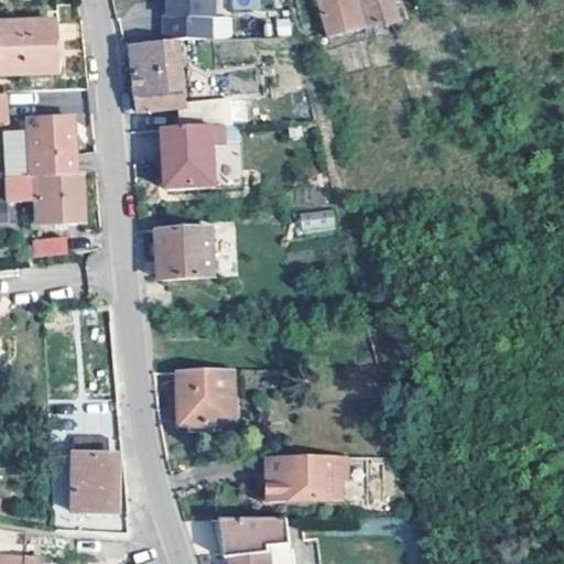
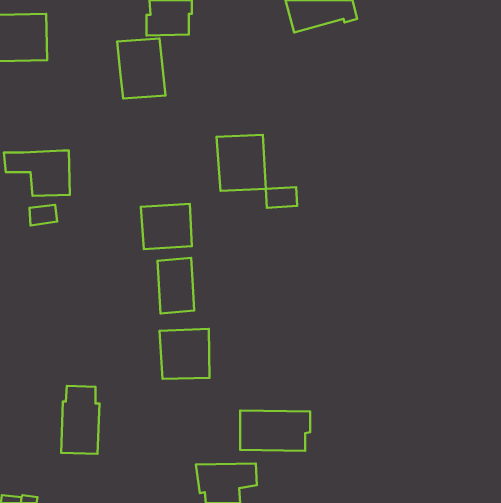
building: [25,113,70,171] -> none
building: [164,126,219,188] -> [217,135,266,191]
building: none -> [158,258,194,313]

